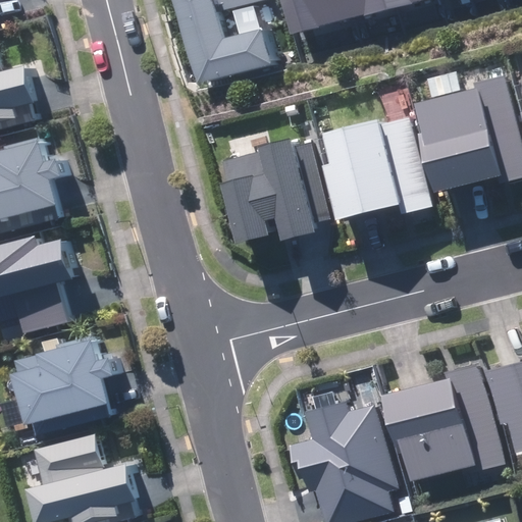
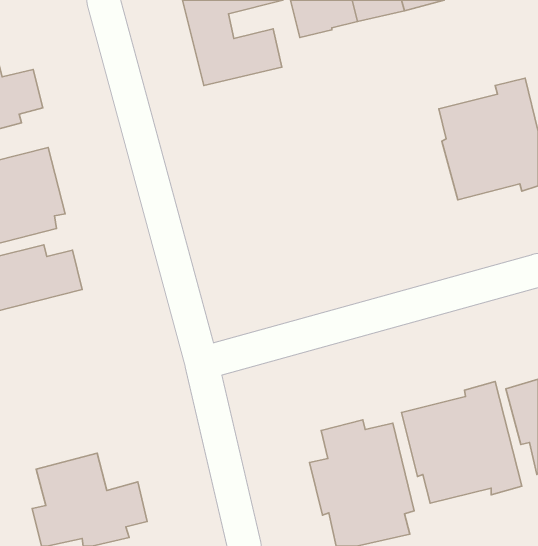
building: [324,116,431,219] -> none
building: [219,139,326,244] -> none
building: [15,289,68,331] -> none
building: [16,338,112,433] -> none

